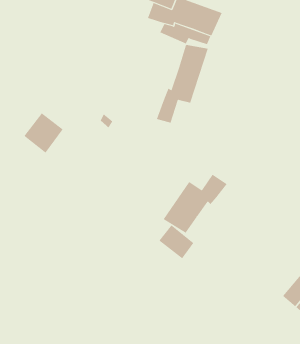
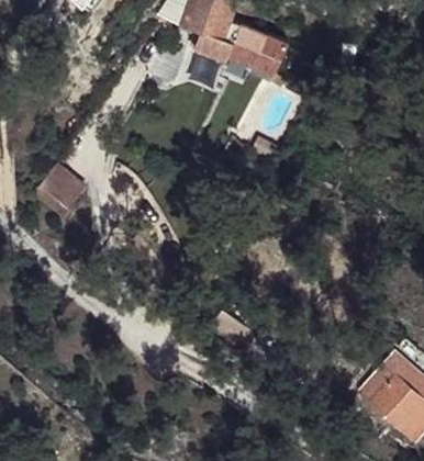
building: [156,44,209,123] -> none
building: [163,174,227,233] -> none

